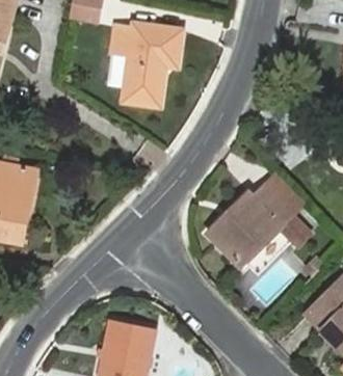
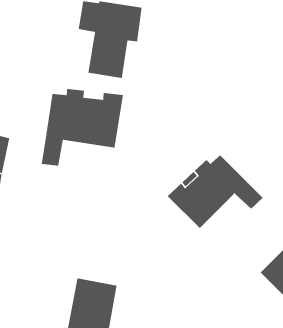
building: none -> [41,88,124,167]
building: [263,172,309,218] -> none

